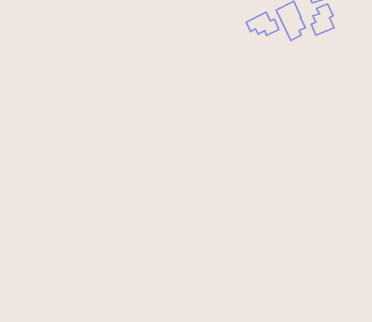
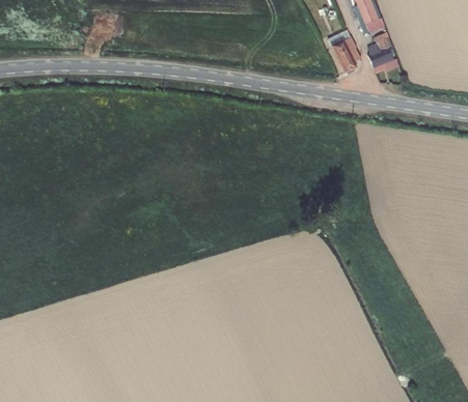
building: [246,12,279,35] -> none

